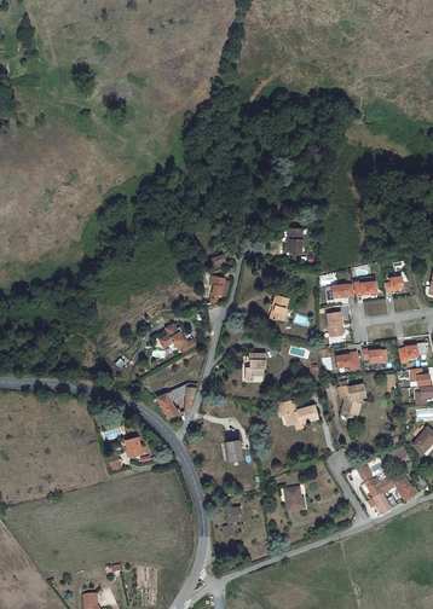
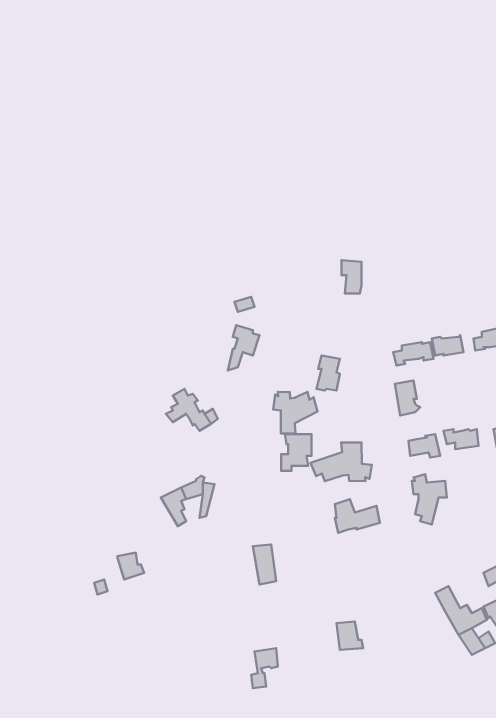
building: none -> [273,392,318,433]
building: none -> [311,443,372,481]

